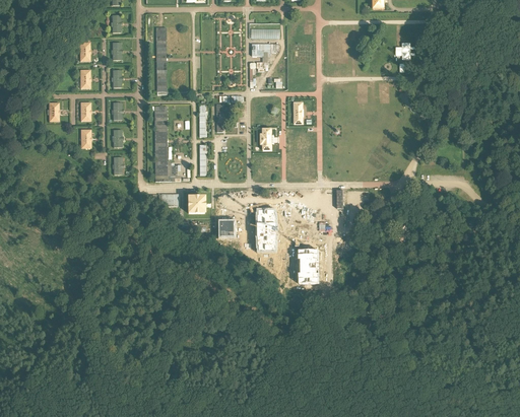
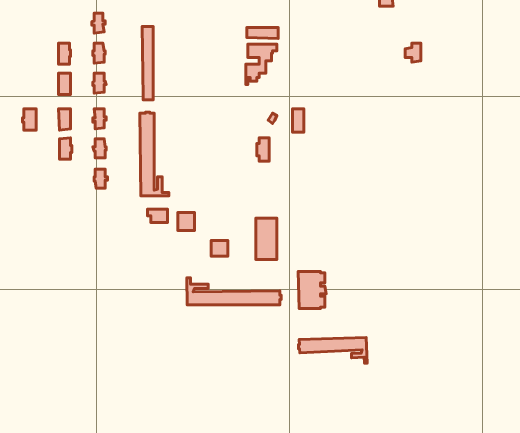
building: none -> [187,278,281,305]
building: none -> [298,337,367,363]

